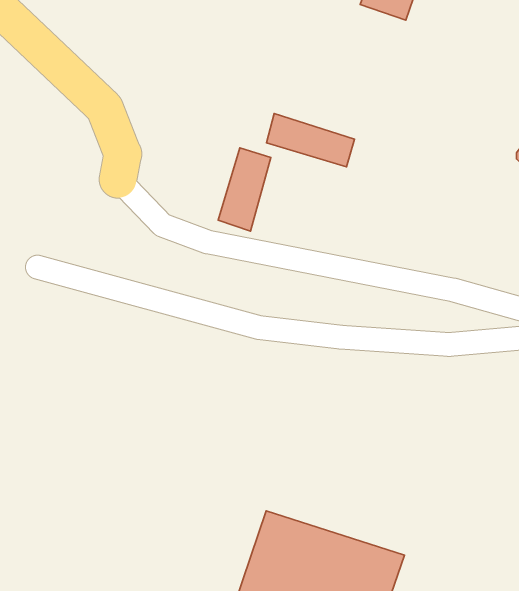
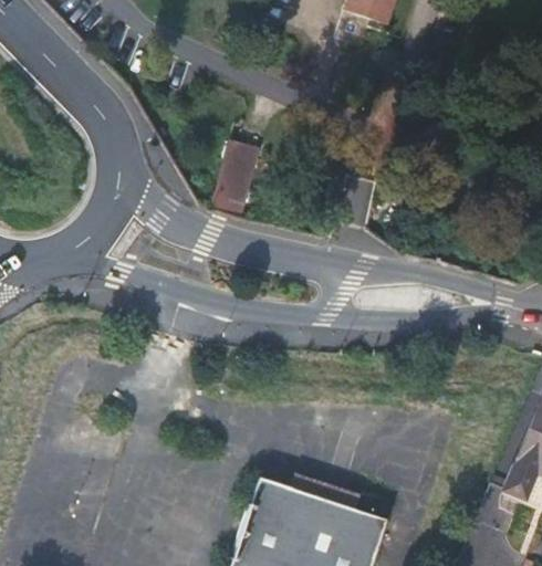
building: [266,114,355,167] -> none

